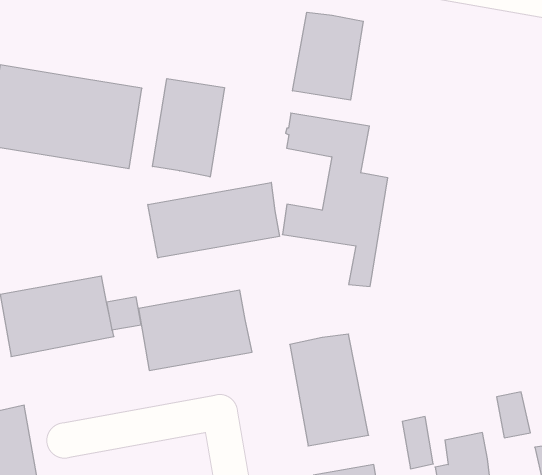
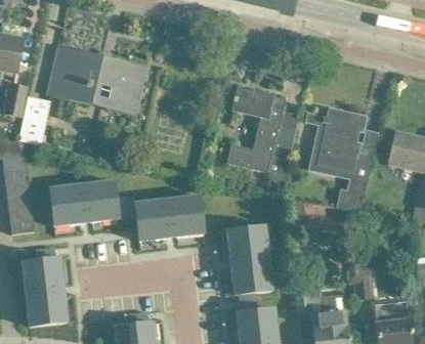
building: [293,12,363,100] -> none
building: [153,79,224,177] -> none
building: none -> [305,108,374,211]
building: [148,182,279,258] -> none

